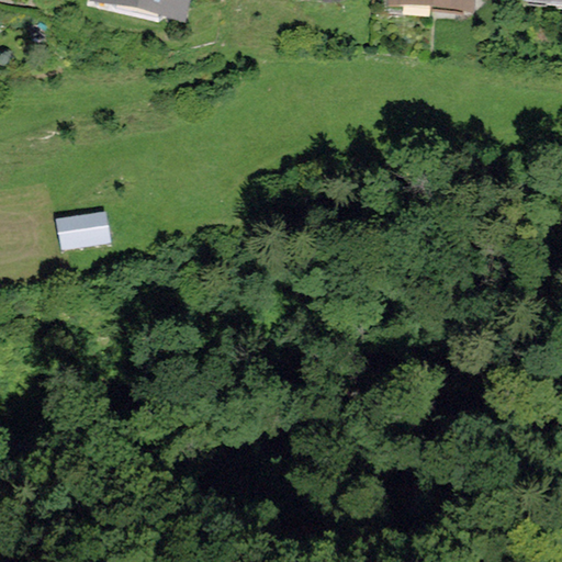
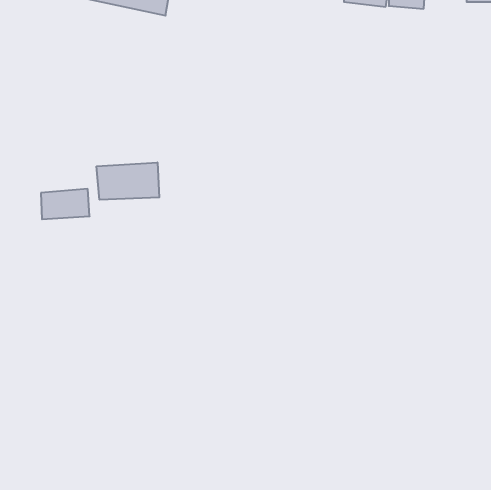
building: none -> [97,162,159,200]

